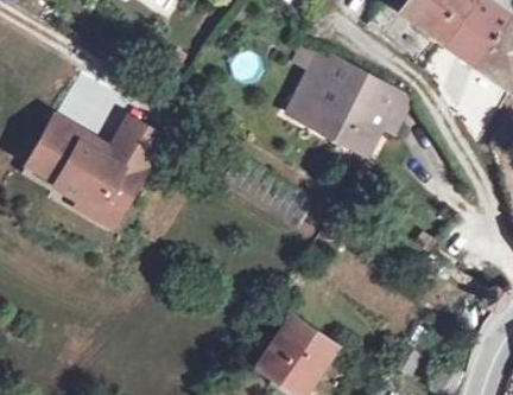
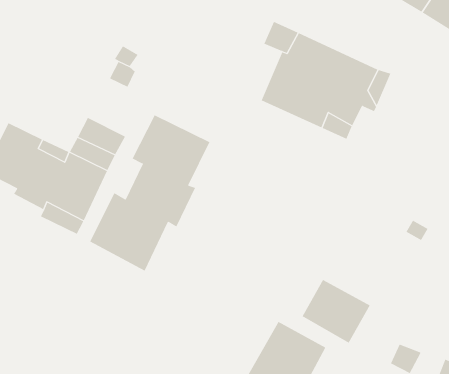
building: none -> [90,115,210,271]
building: none -> [302,279,370,344]

